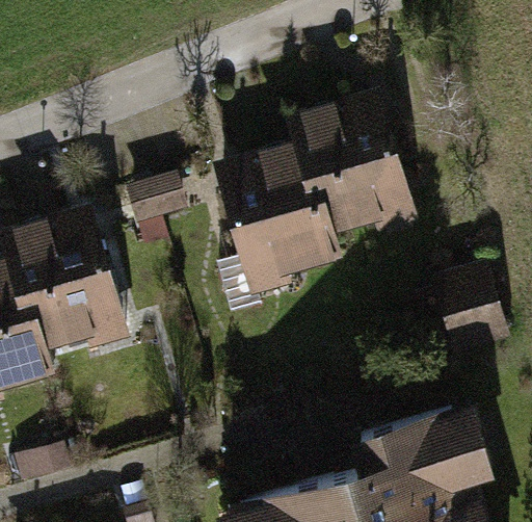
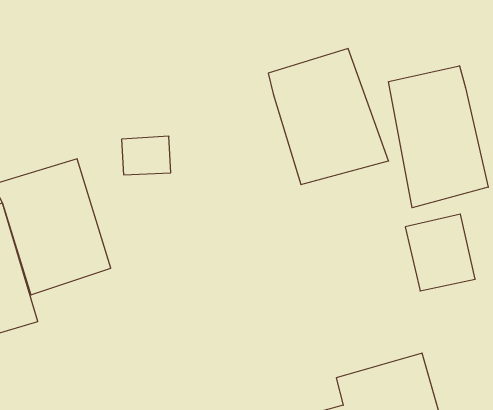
building: none -> [389,66,488,208]
building: [215,139,337,304] -> none

